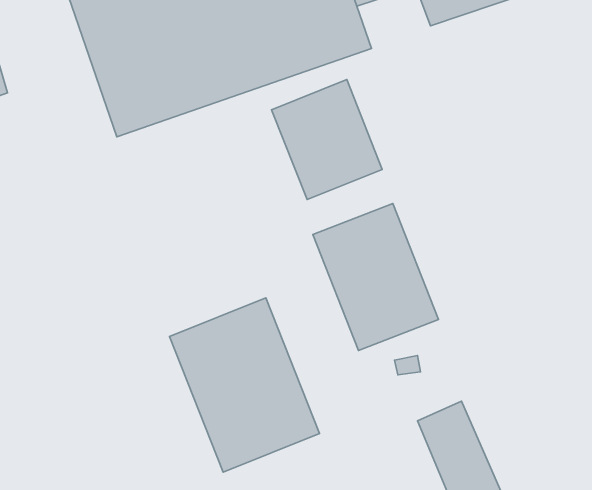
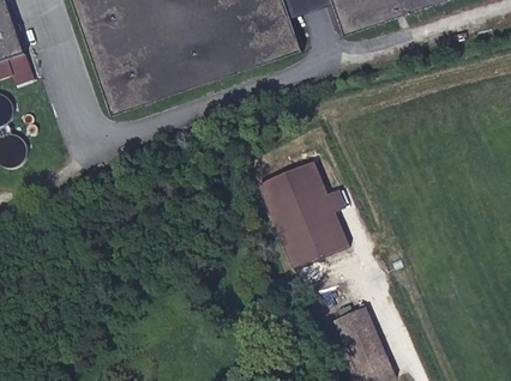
building: [272,80,382,200] -> none
building: [169,298,319,472] -> none

